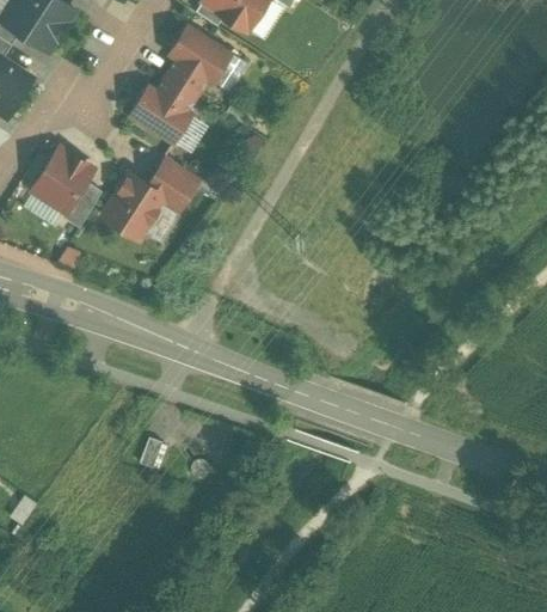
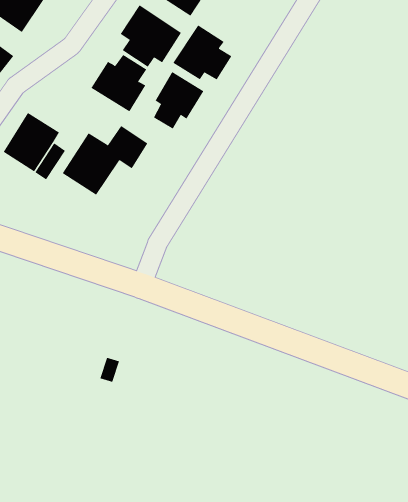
building: none -> [173,24,232,80]
building: none -> [153,71,204,130]

